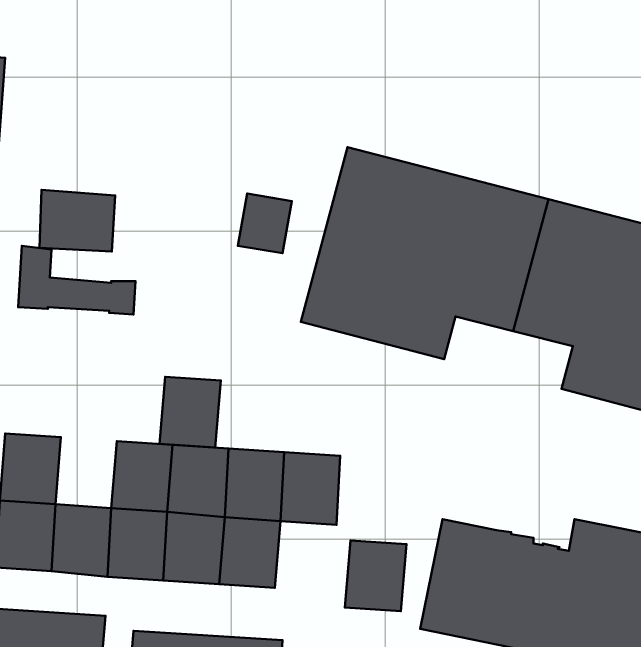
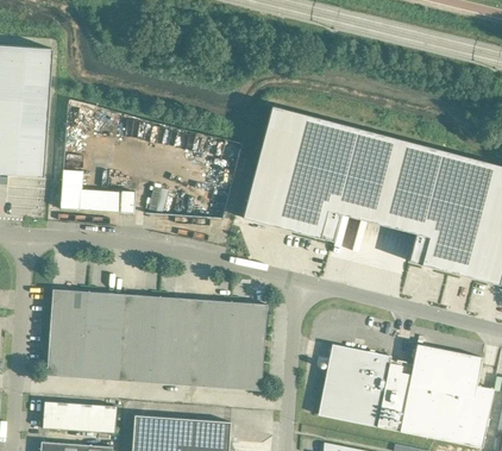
building: [40,190,115,251] -> none
building: [159,377,221,448] -> [84,292,124,337]
building: [345,541,406,611] -> [225,345,264,390]

